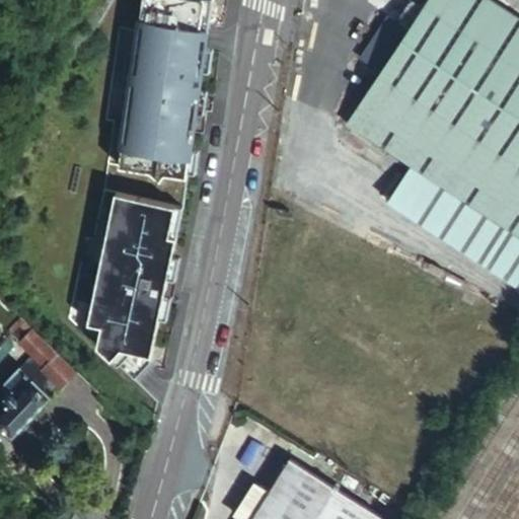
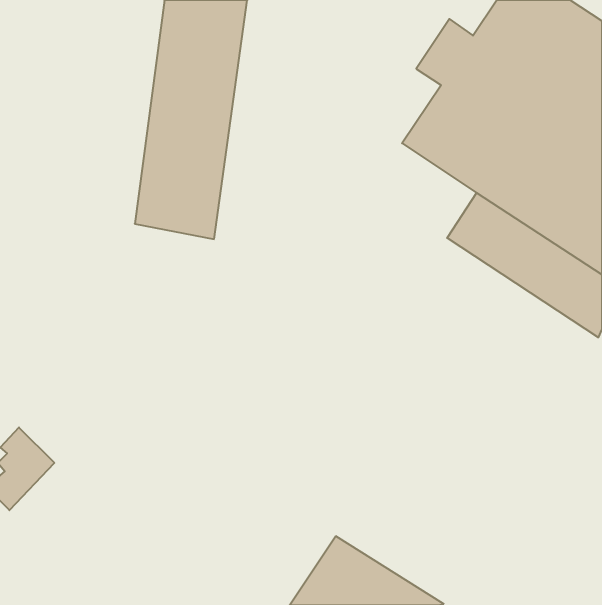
building: [87,192,183,380] -> none
building: [7,319,75,388] -> none

